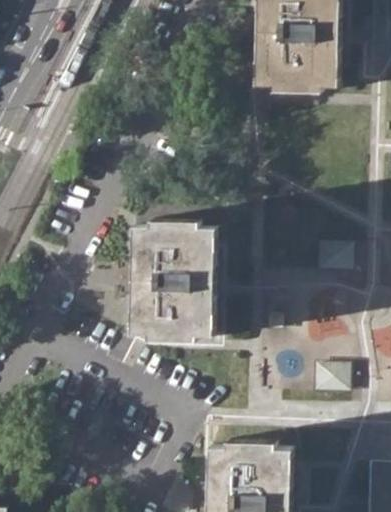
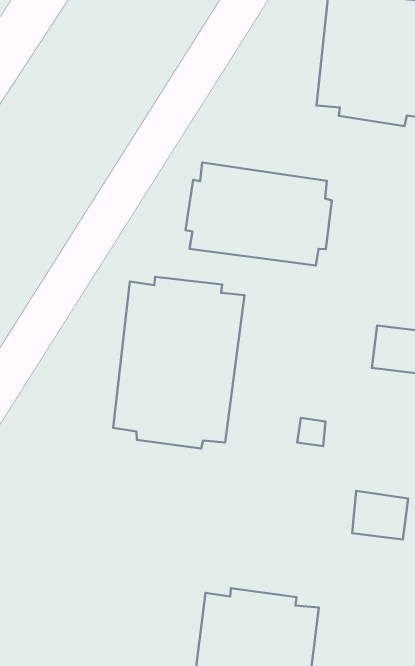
building: none -> [185,162,332,265]

